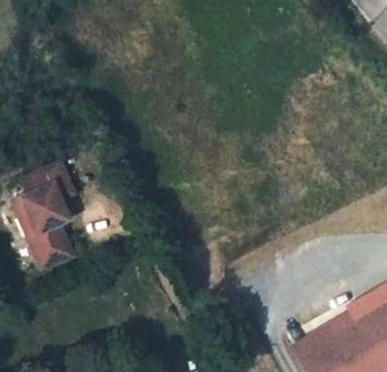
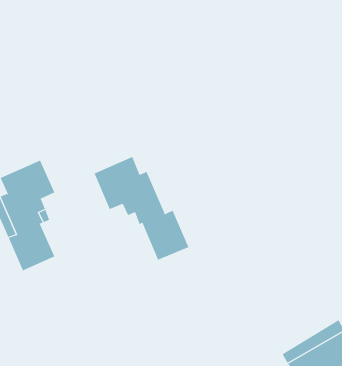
building: none -> [94,156,189,260]

